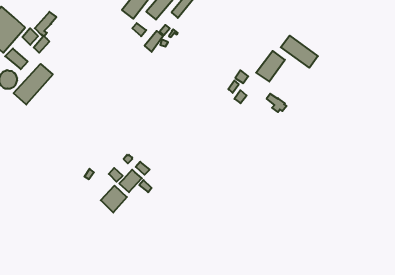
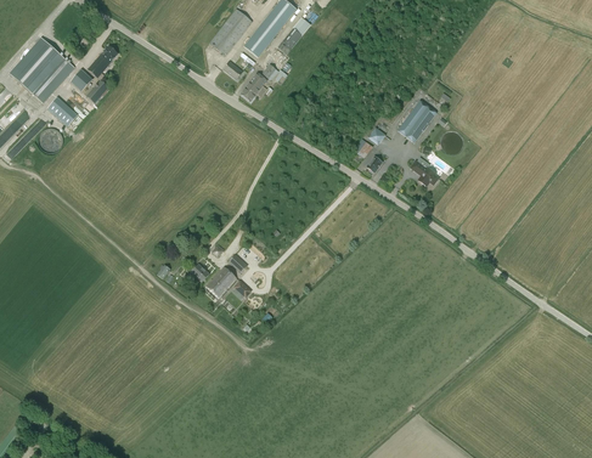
building: [281,36,318,68] -> none
building: [14,64,53,105] -> none
building: [101,186,127,213] -> none

